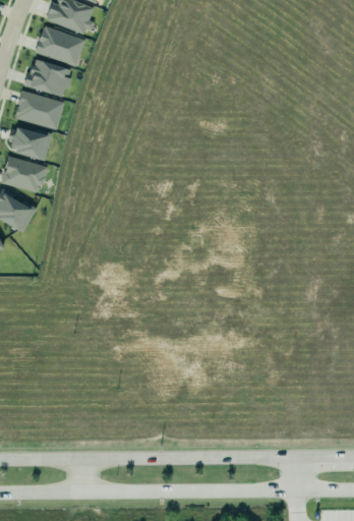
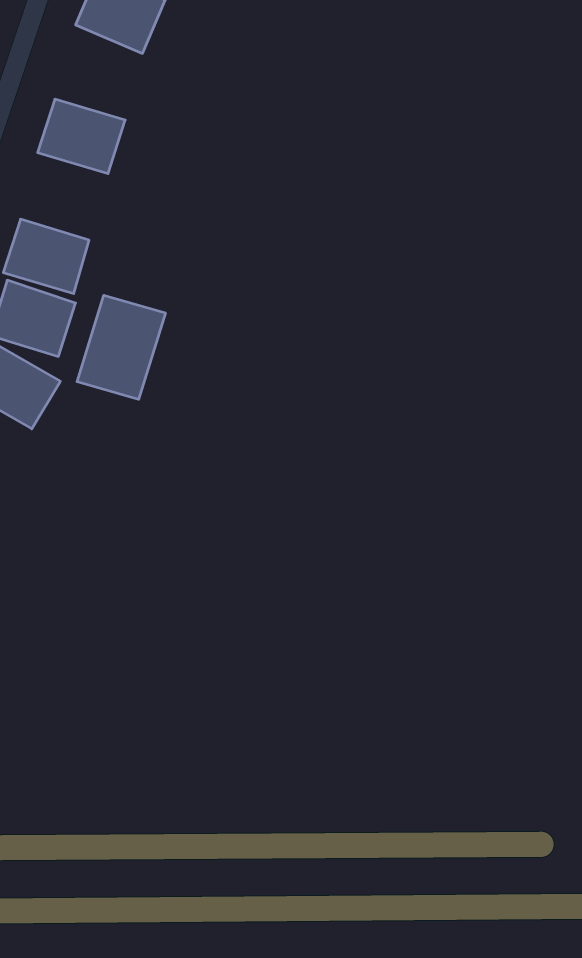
building: [35,25,80,65] -> none
building: [15,89,61,128] -> none
building: none -> [77,295,165,399]

